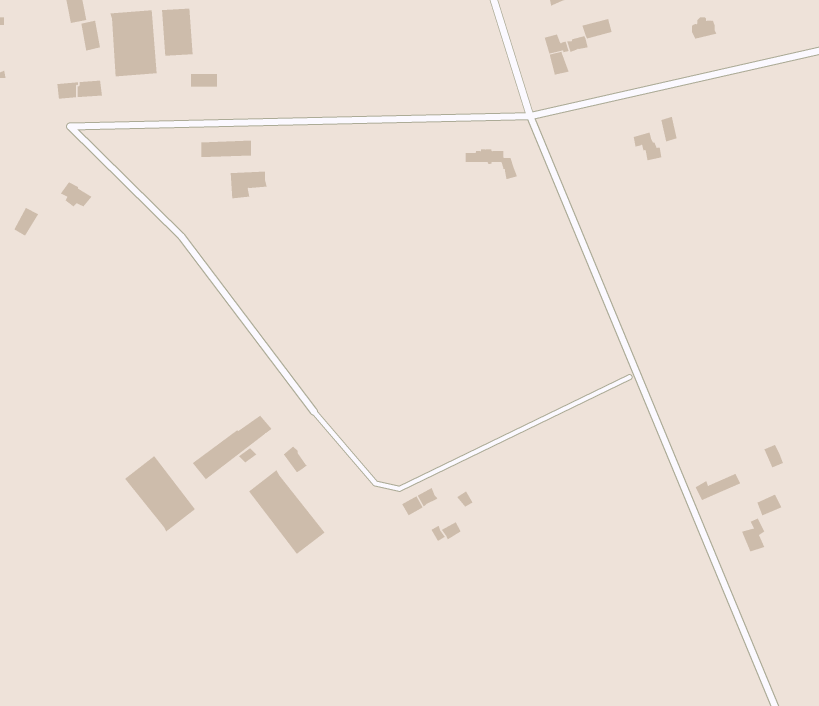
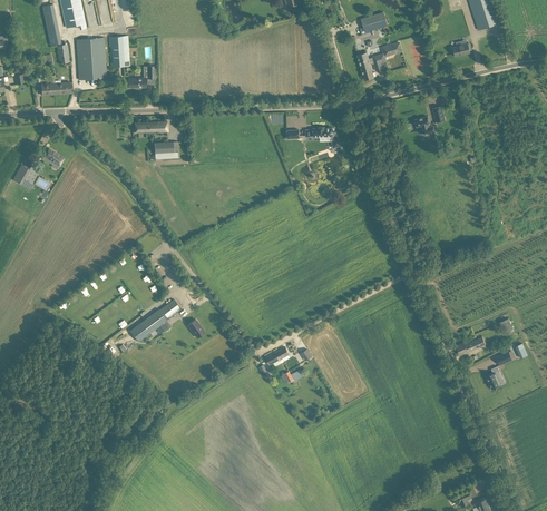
building: [124,455,196,533] -> none
building: [248,469,325,555] -> none

